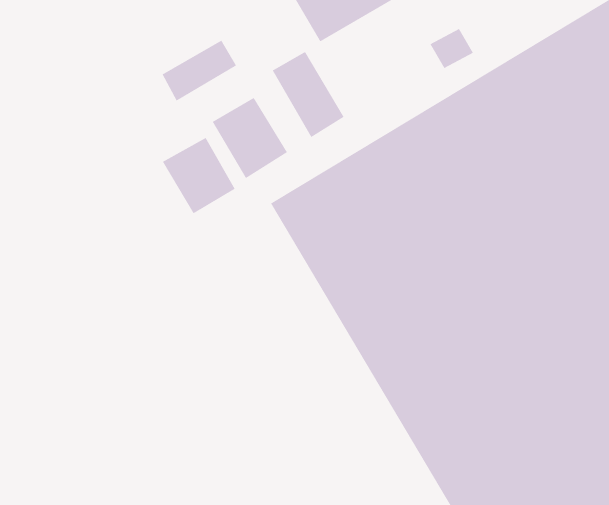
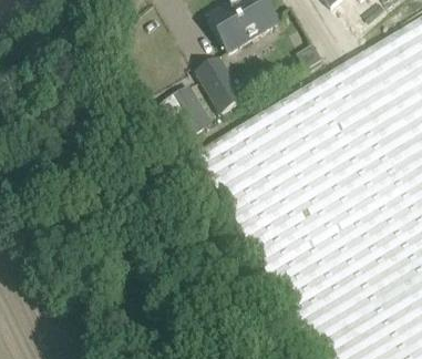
building: [162,40,237,102] -> none
building: [162,137,236,214] -> none

